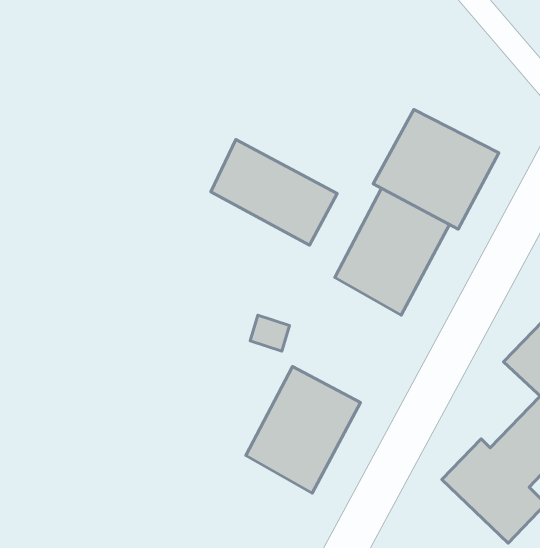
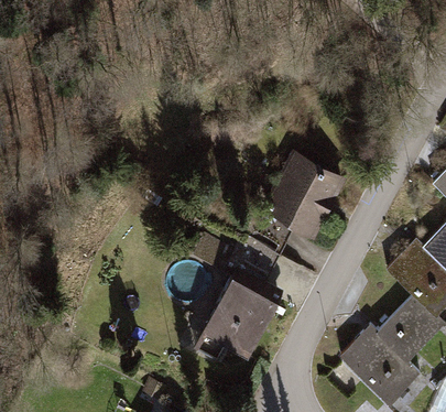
building: [373,109,499,229] -> none
building: [211,140,337,245] -> none

